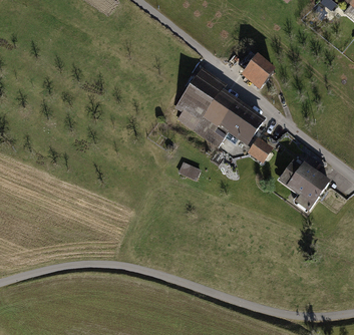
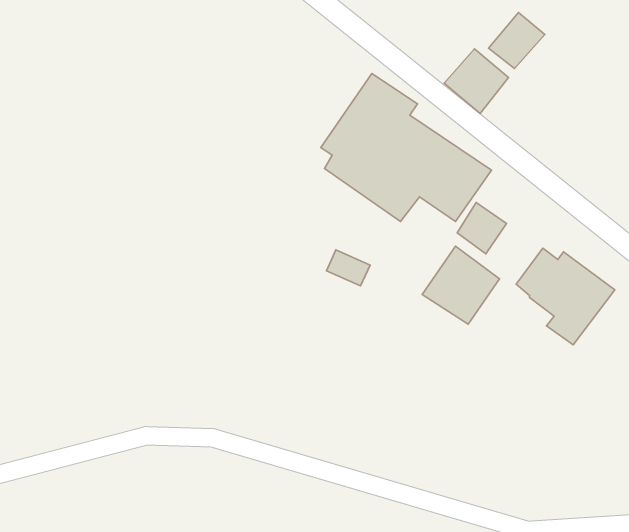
building: none -> [488,12,545,68]
building: none -> [422,246,500,324]

